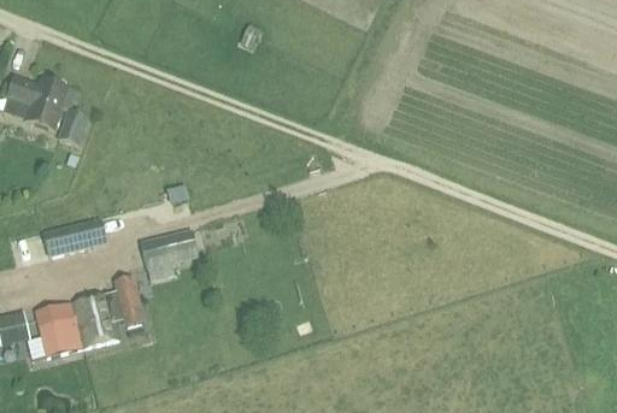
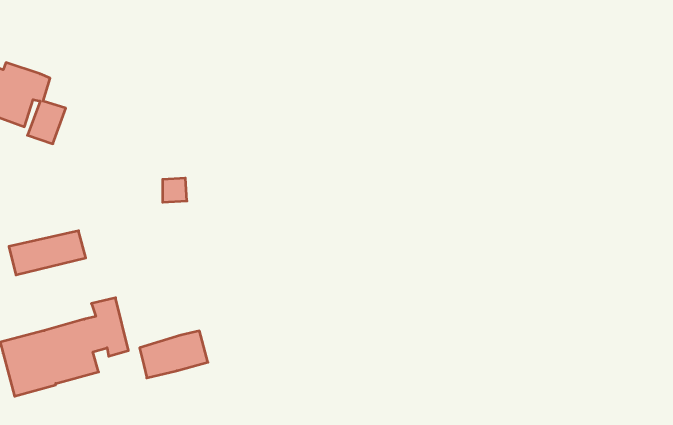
building: [140,229,198,269] -> [140,331,208,378]

